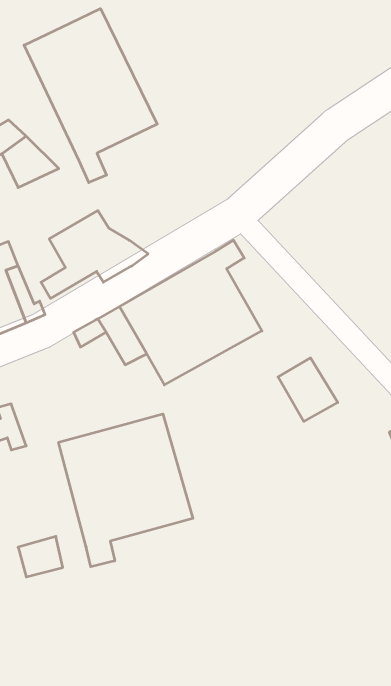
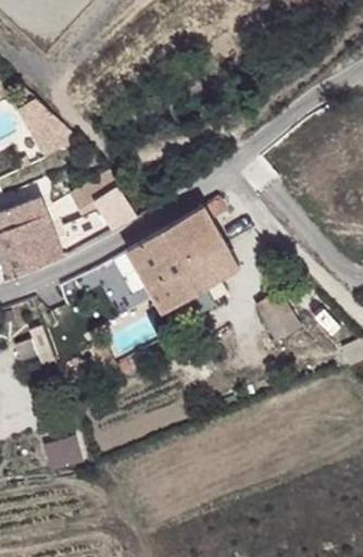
building: [24,9,157,183] -> none
building: [59,414,193,567] -> none

